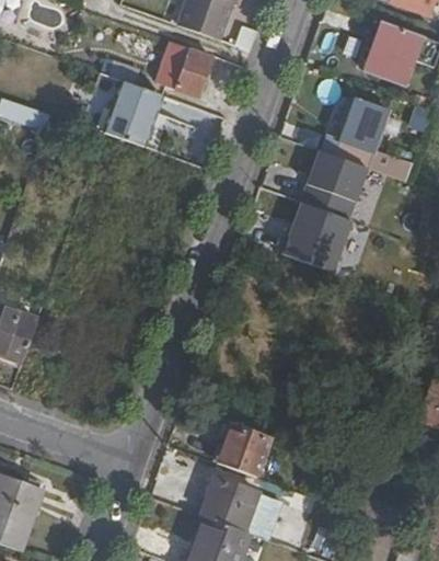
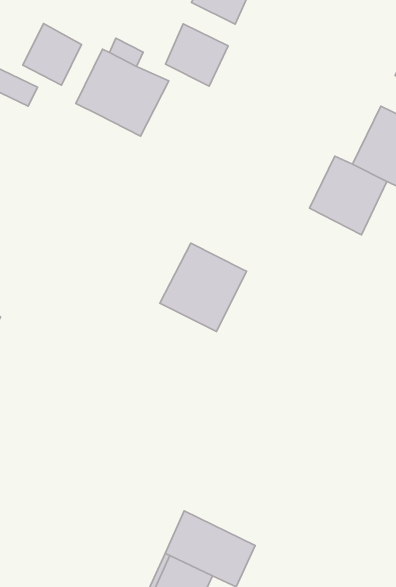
building: none -> [23,24,82,85]
building: [278,197,351,273] -> [160,243,246,331]
building: [218,424,272,477] -> none

